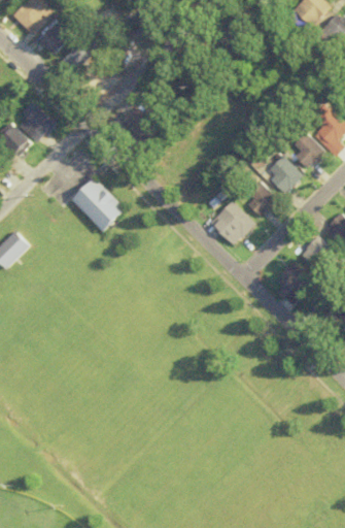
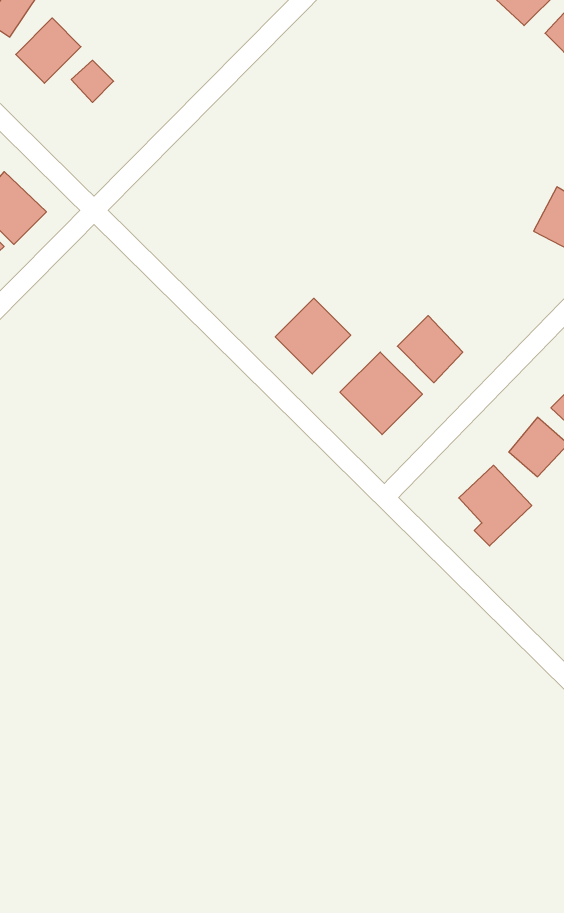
building: [291,131,324,169] -> none
building: [266,157,302,193] -> none
building: none -> [275,298,351,374]
building: [73,178,129,233] -> none

